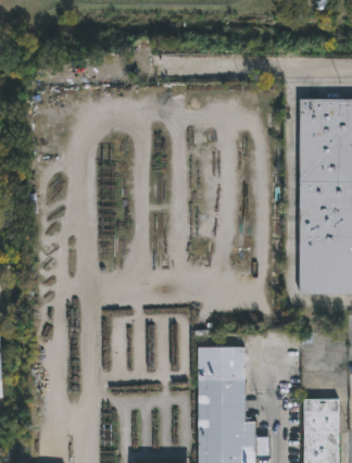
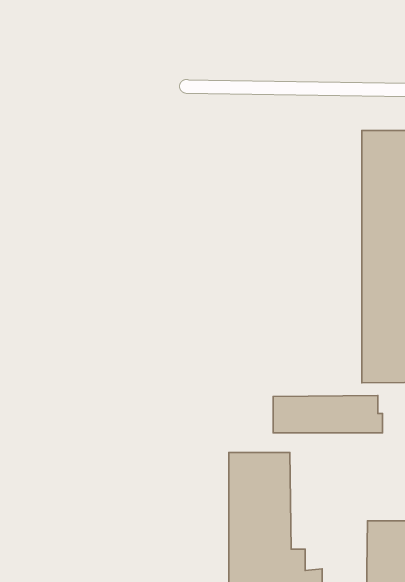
building: none -> [273,395,382,433]

